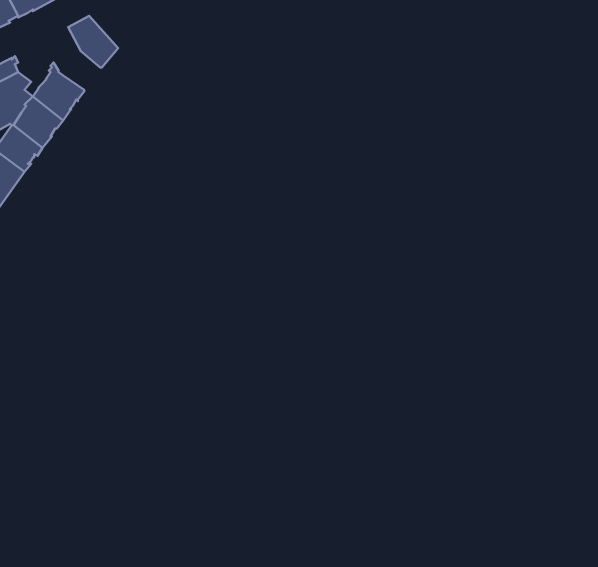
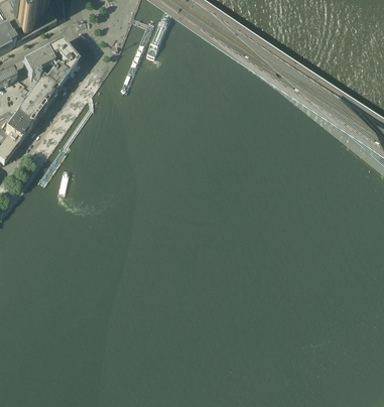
building: none -> [23,46,69,87]

